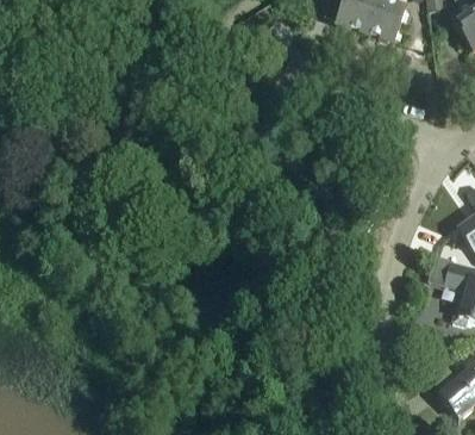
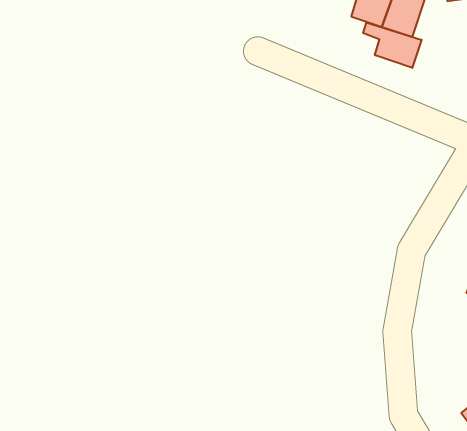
building: none -> [363,23,422,68]

